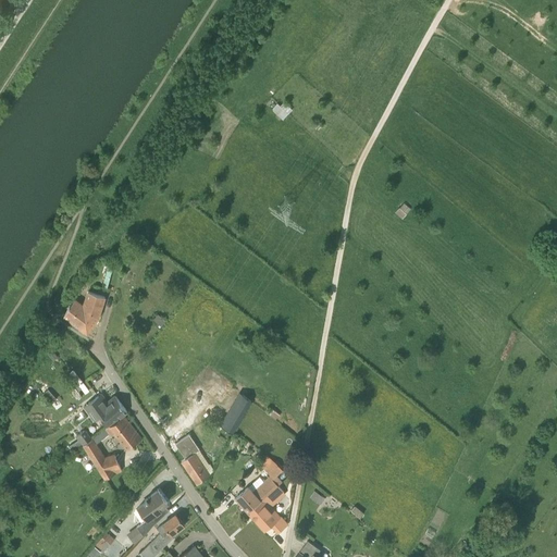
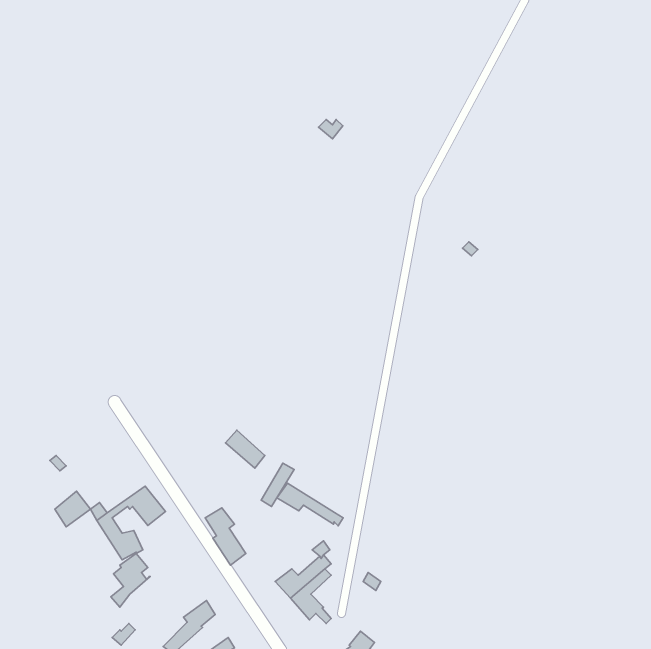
building: [63,292,104,334] -> none
building: [97,397,127,428] -> [55,491,90,527]
building: none -> [277,483,343,526]
building: [136,491,170,536] -> [111,554,150,607]

